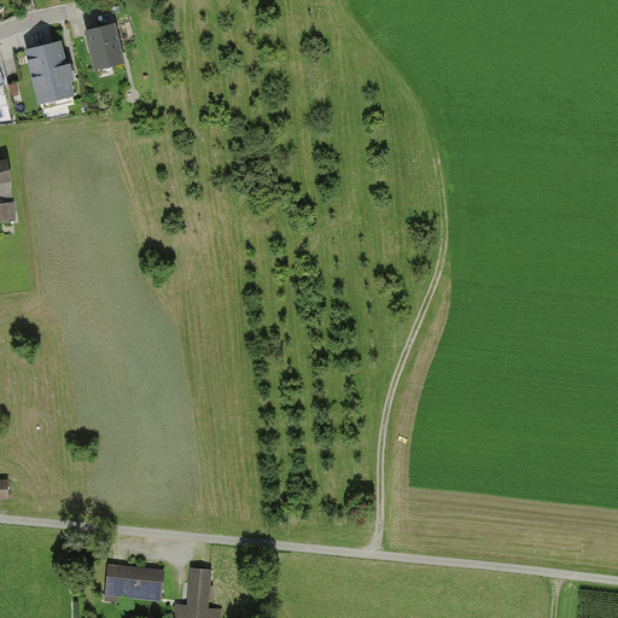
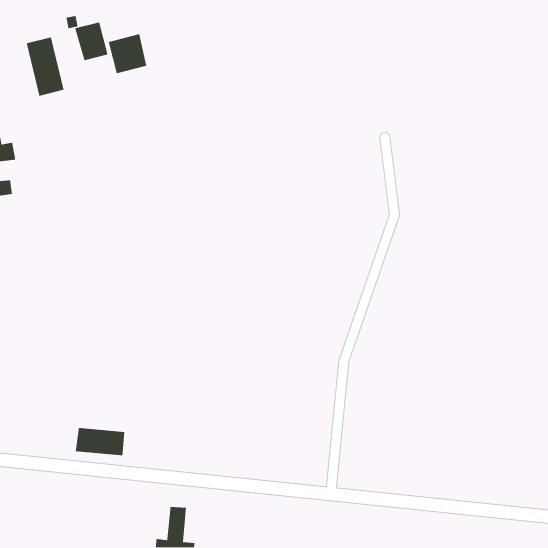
building: none -> [108,33,147,74]
building: [105,566,162,599] -> [75,427,125,456]

